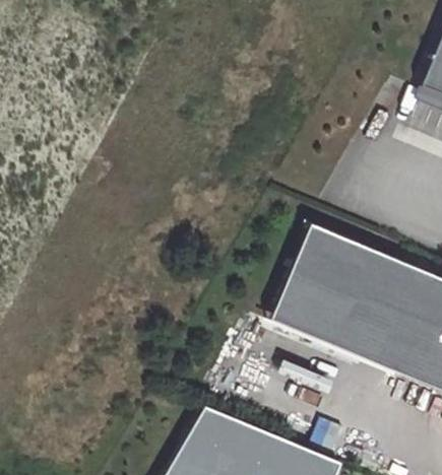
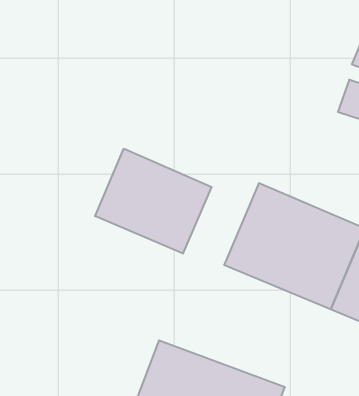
building: none -> [95,149,212,254]

